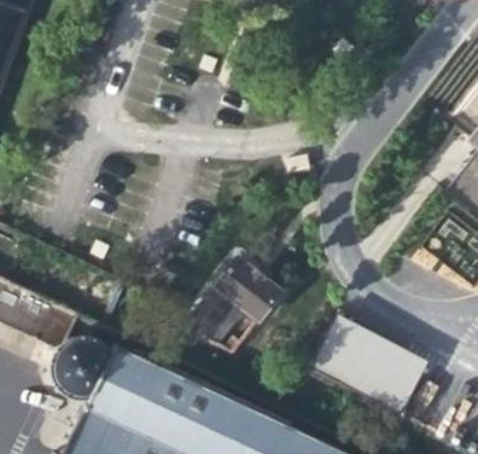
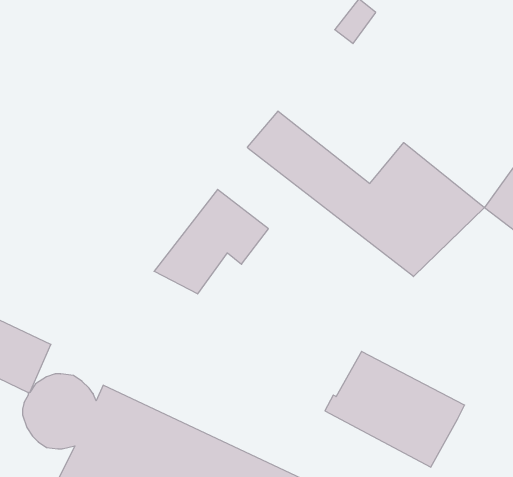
building: none -> [247,111,484,277]
building: [188,261,286,350] -> [154,189,268,294]

